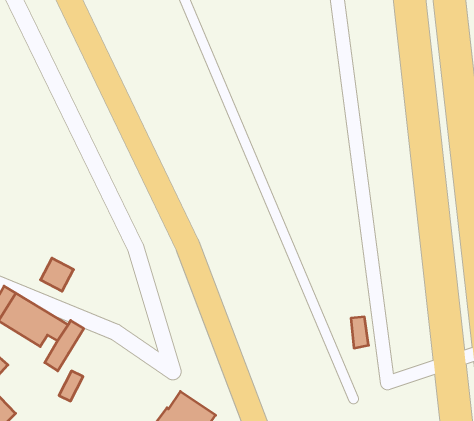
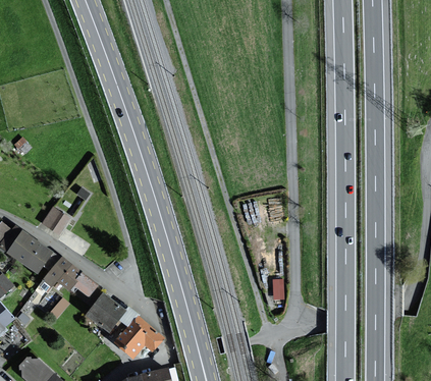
building: none -> [57,263,98,294]
building: none -> [88,292,125,330]

